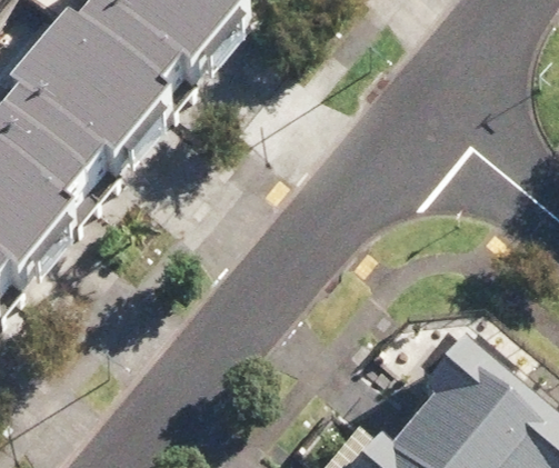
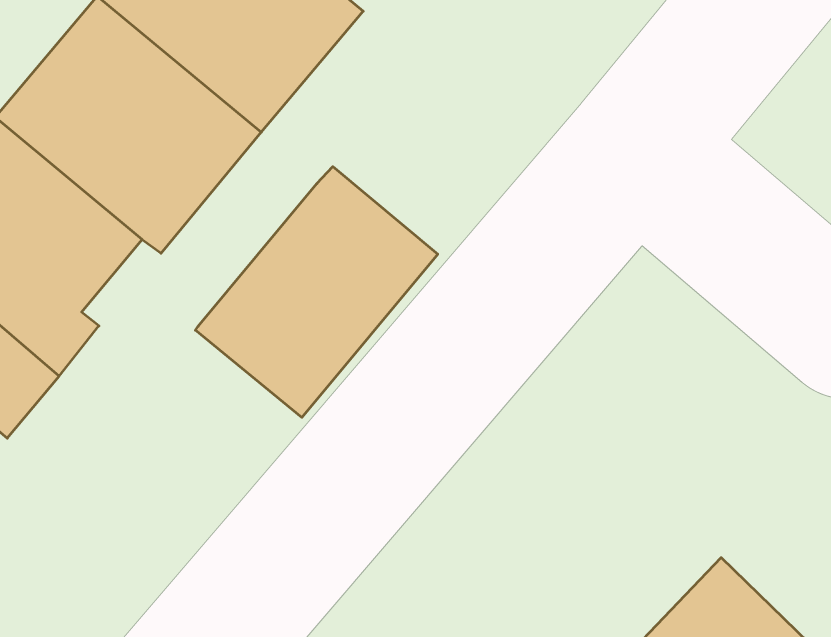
building: none -> [195,167,438,417]

